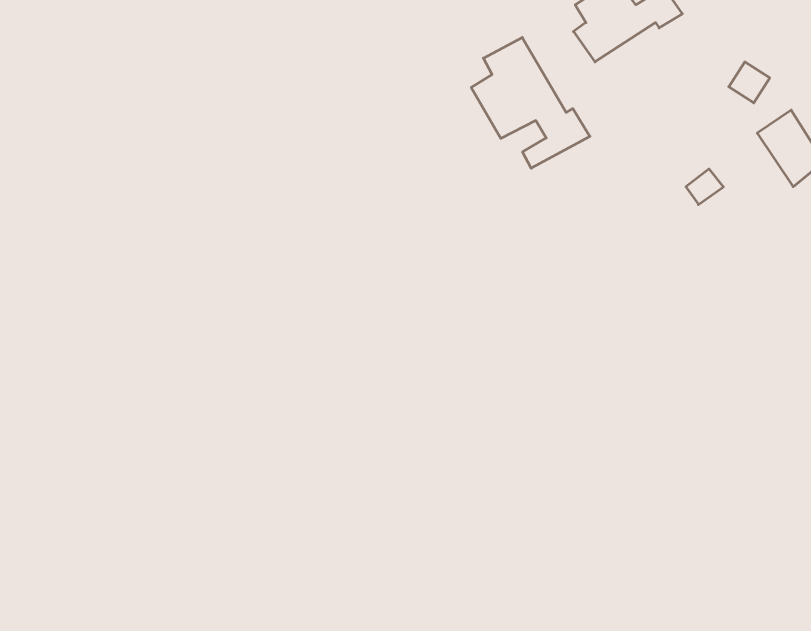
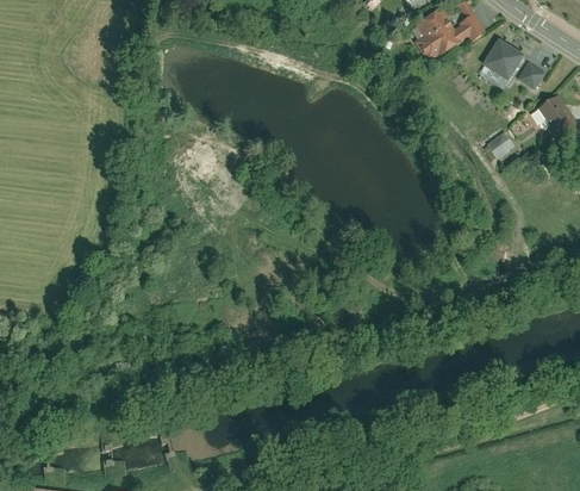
building: none -> [484,39,525,80]
building: [471,37,590,168] -> none

